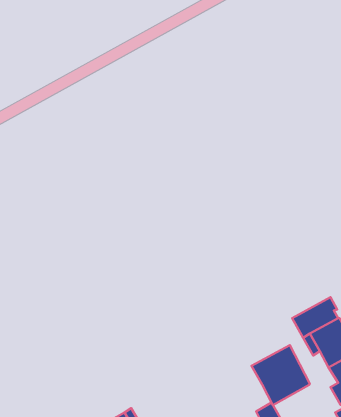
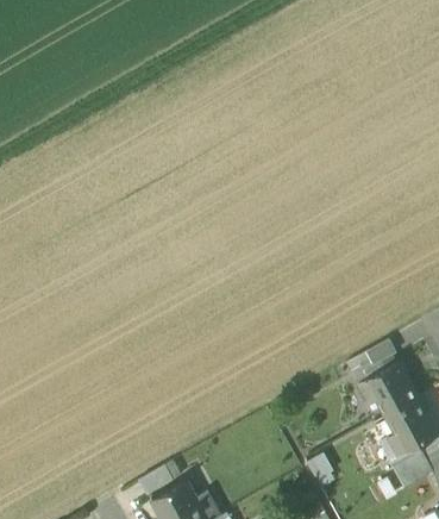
building: [251,345,310,405] -> none

